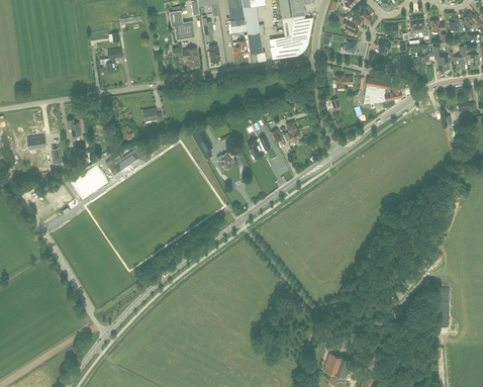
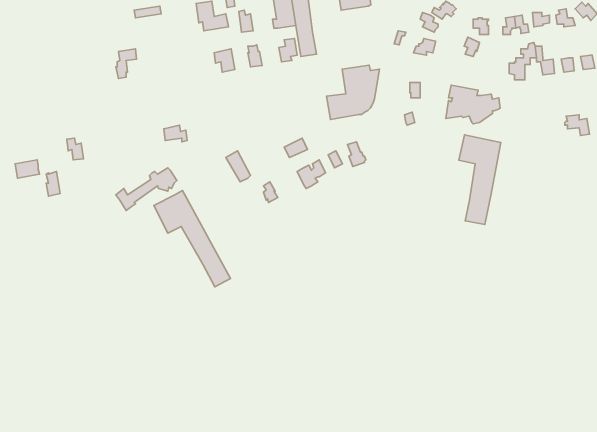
building: [270,15,311,58] -> [327,65,380,120]
building: none -> [459,135,501,225]
building: none -> [154,191,230,287]

